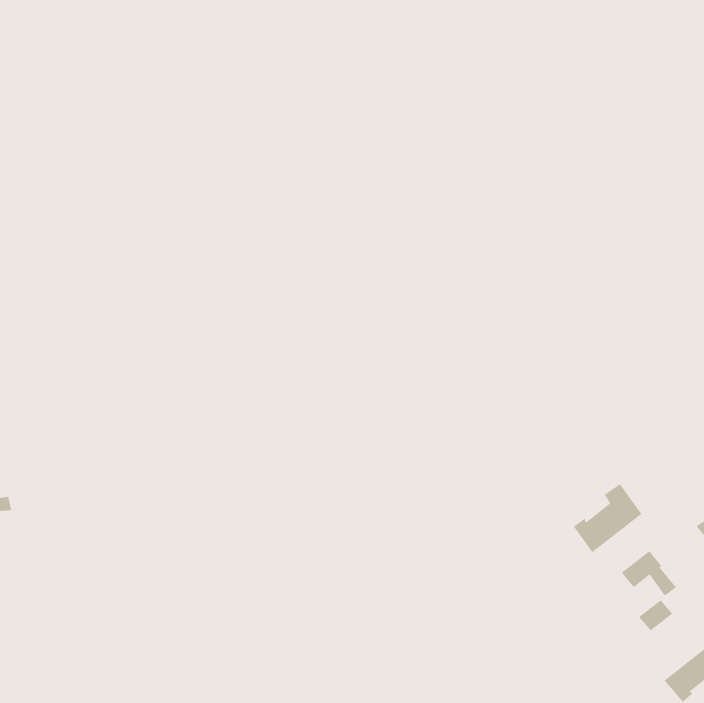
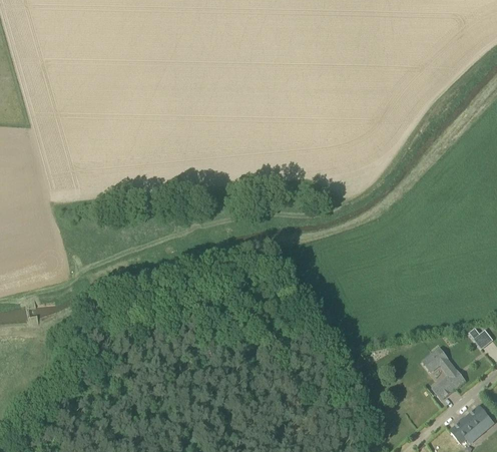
building: [573,483,642,553] -> none

